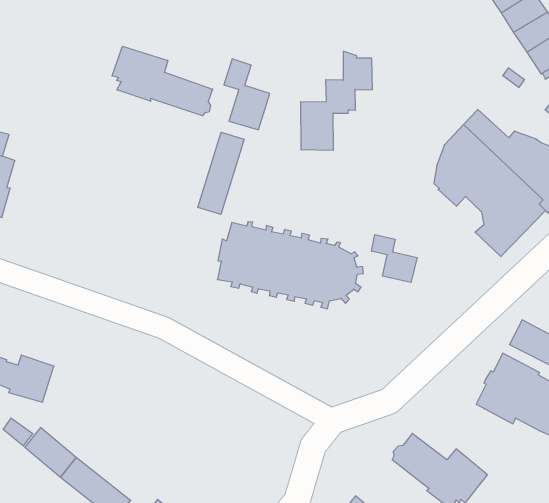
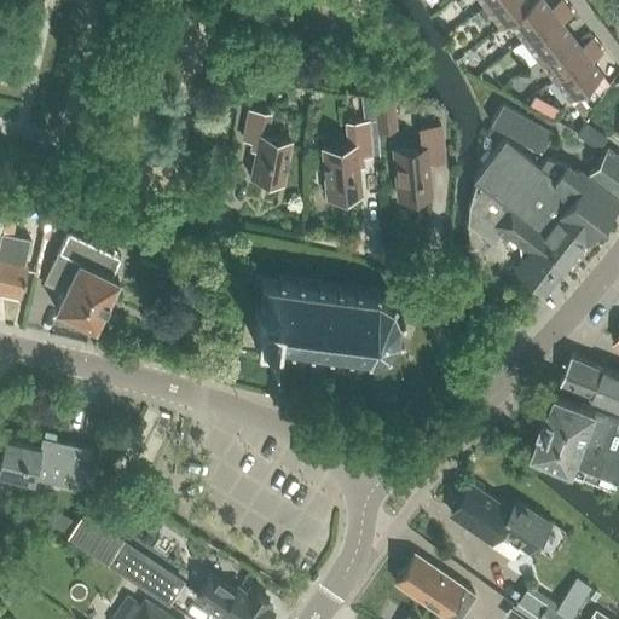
building: [112,46,213,116] -> none
building: none -> [492,106,555,157]
building: none -> [395,131,445,202]
building: [198,132,244,214] -> none
building: none -> [47,235,118,331]
building: [371,235,417,282] -> none

